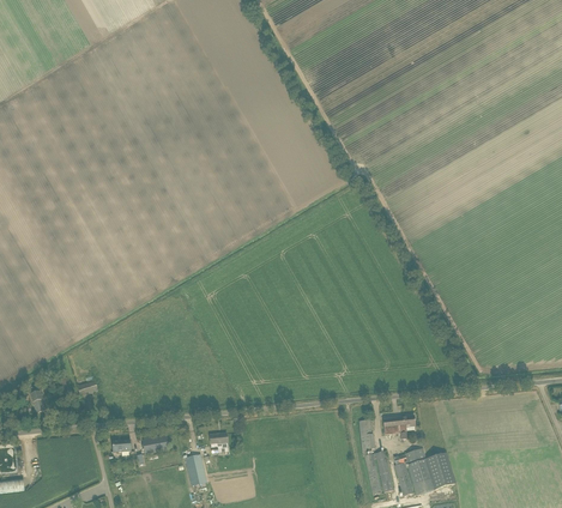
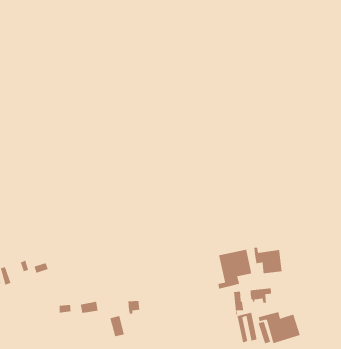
building: none -> [253,247,282,274]
building: none -> [217,249,252,289]

